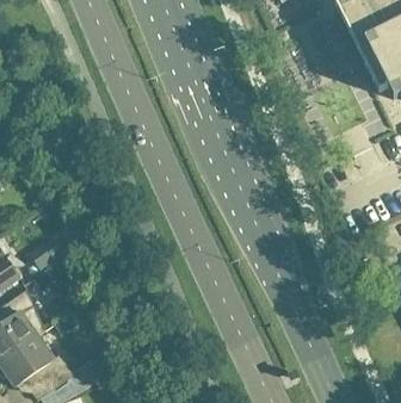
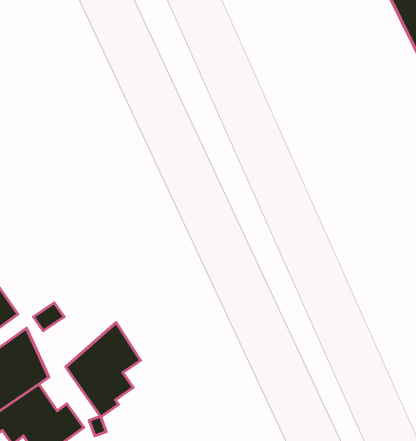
building: none -> [66,322,140,417]

